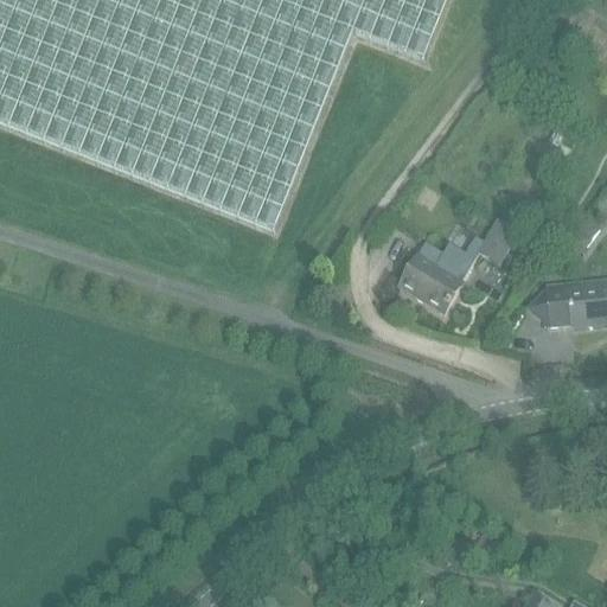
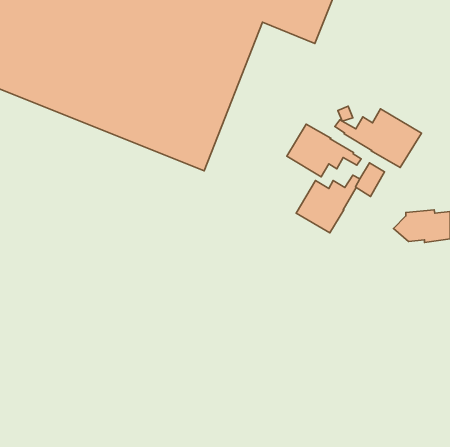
building: none -> [335,109,421,168]
building: none -> [287,124,361,177]

